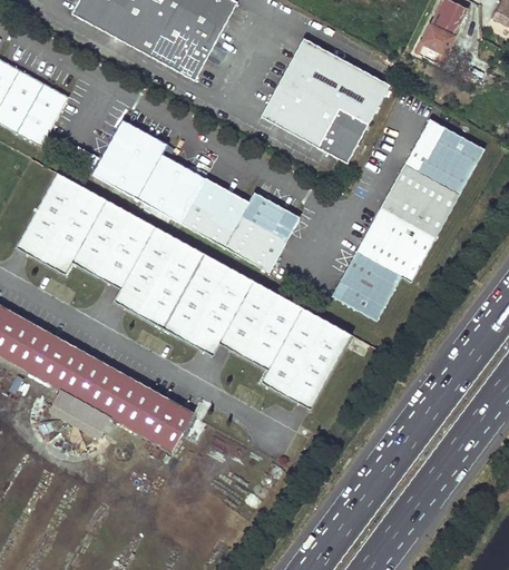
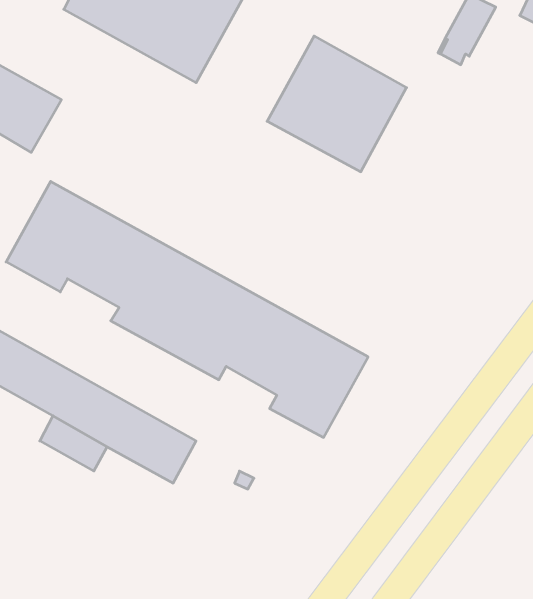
building: [92,119,298,271] -> none
building: [332,119,484,318] -> none

